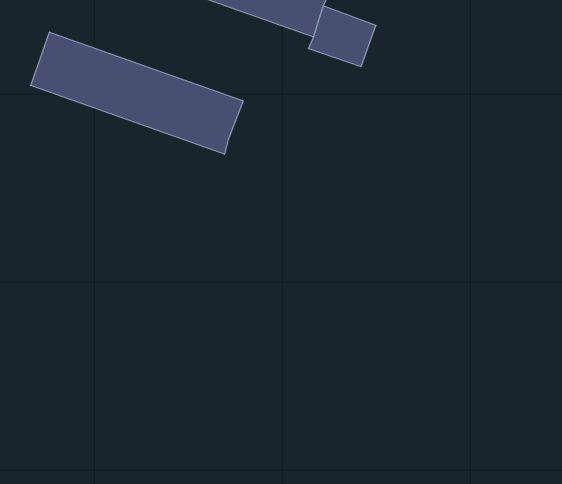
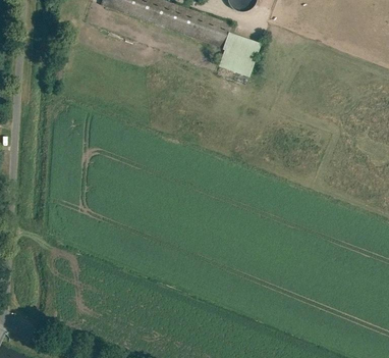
building: [31,32,243,154] -> none

